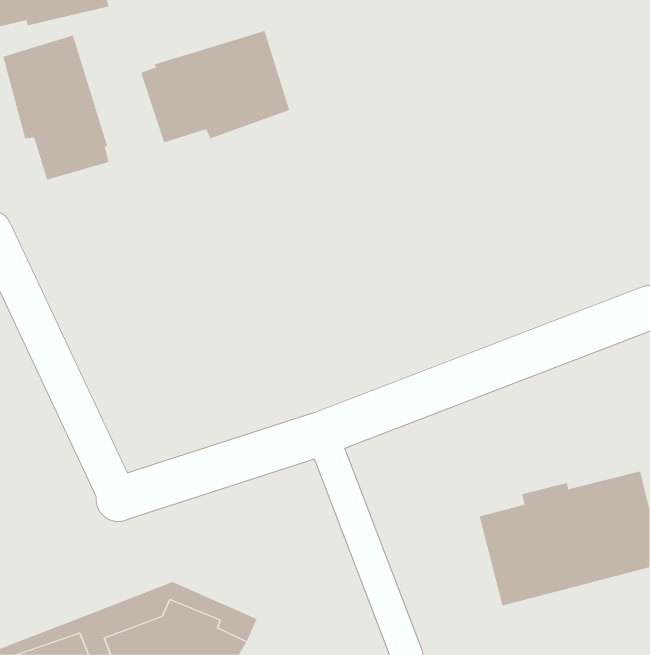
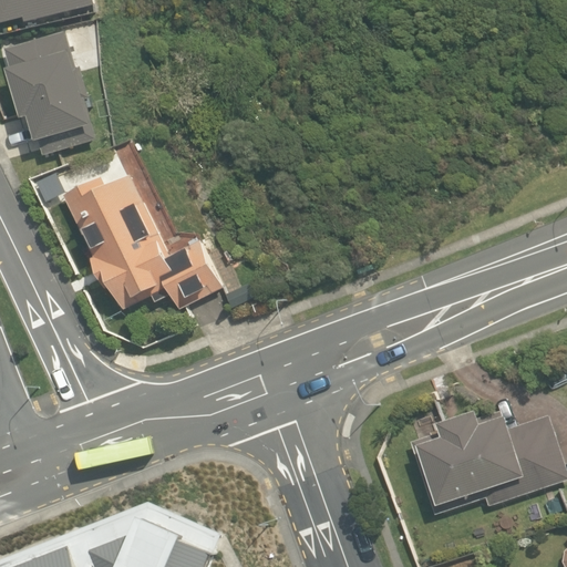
building: [140,30,290,143] -> none
building: none -> [61,174,221,310]

